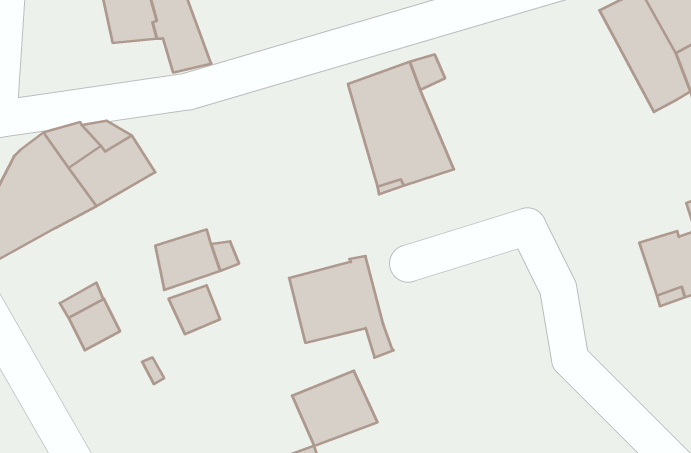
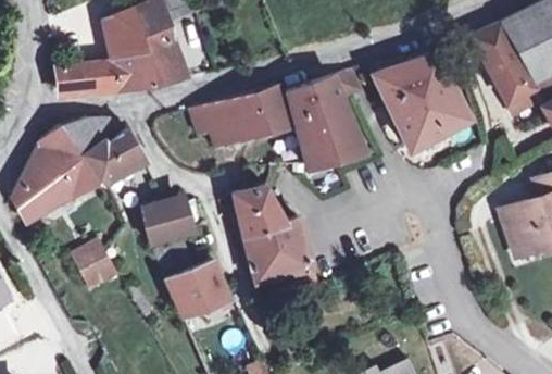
building: none -> [372,53,466,150]
building: none -> [59,58,156,96]
building: none -> [192,84,289,148]
building: none -> [233,186,288,235]
building: [292,371,377,446] -> [165,261,228,316]

